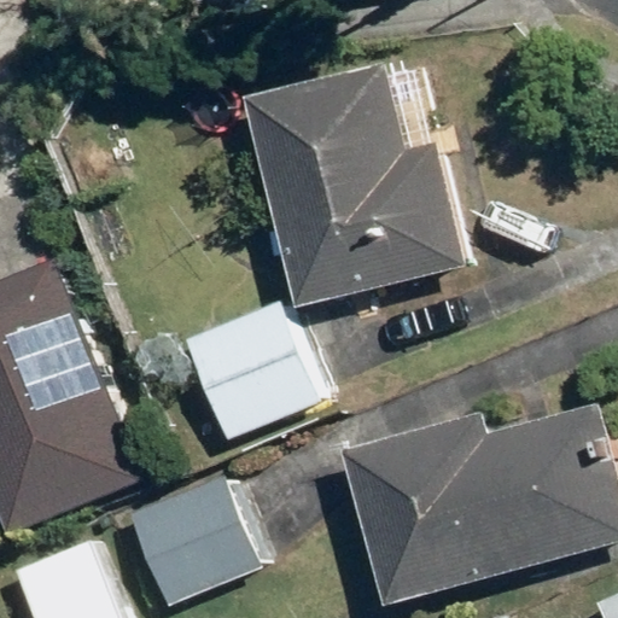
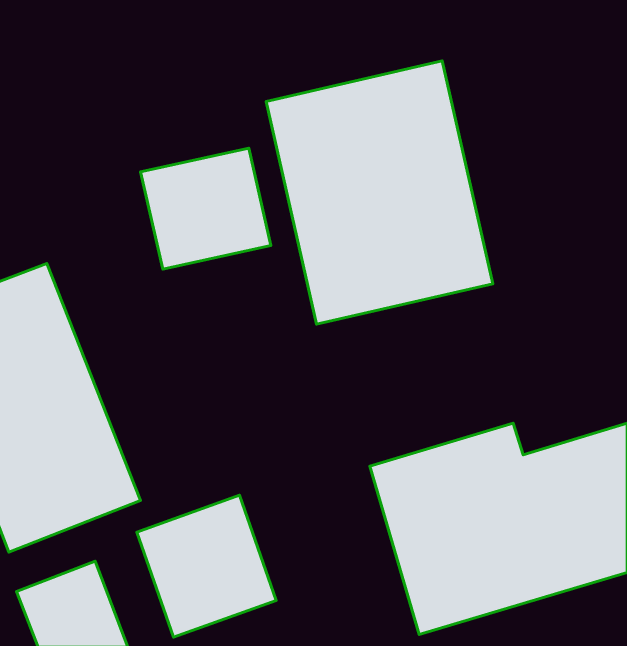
building: none -> [141,148,271,269]
building: [186,298,322,439] -> none

